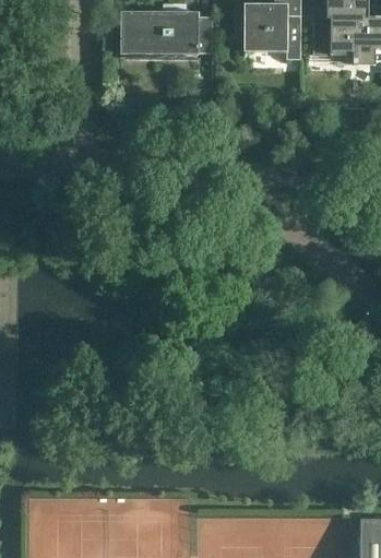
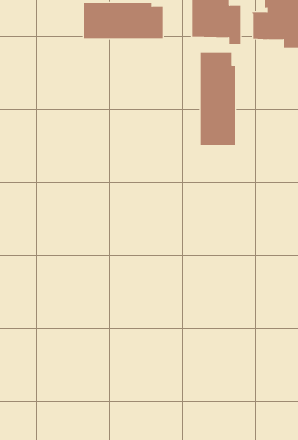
building: none -> [200,52,236,146]

